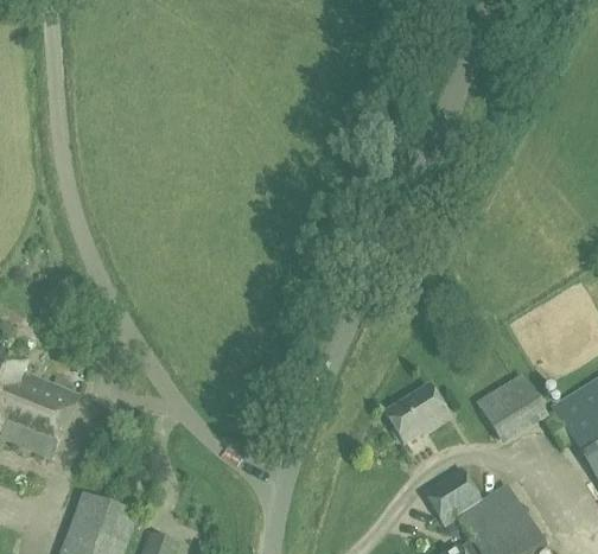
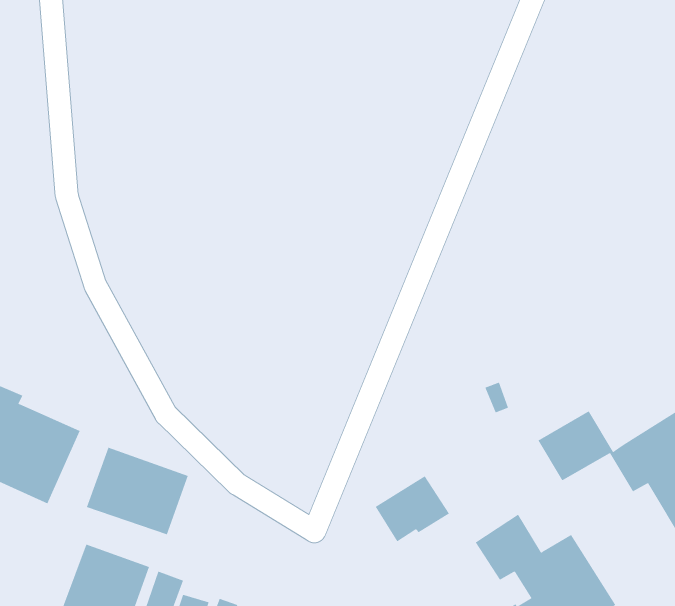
building: [384,384,450,442] -> [375,476,450,542]
building: none -> [86,447,188,535]

